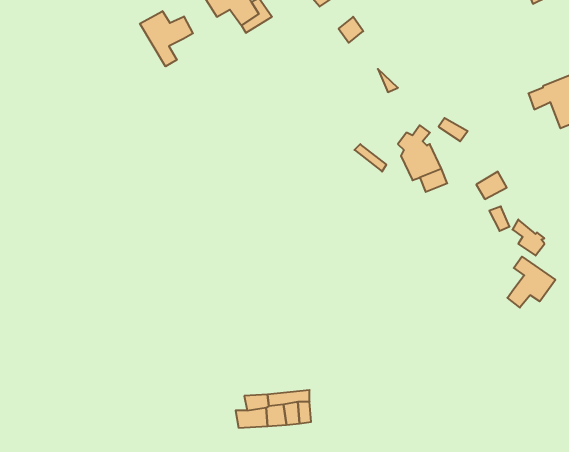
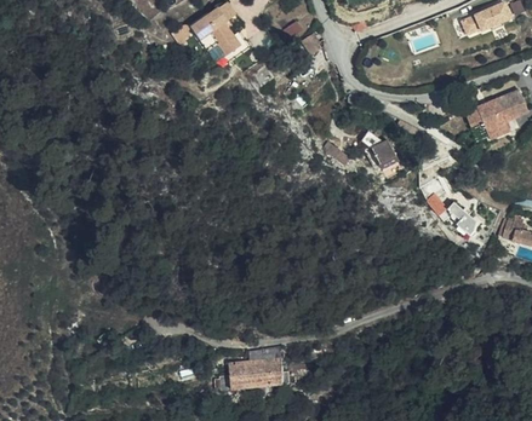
building: [140,11,193,66] -> none
building: [507,257,555,308] -> none

